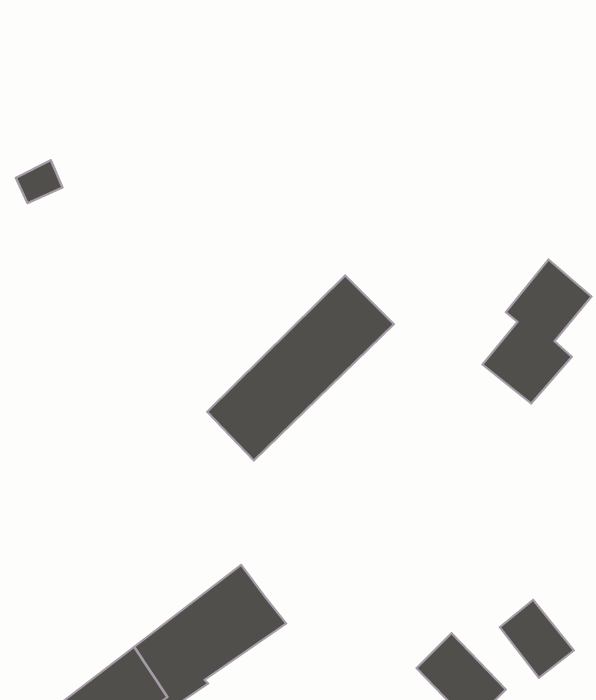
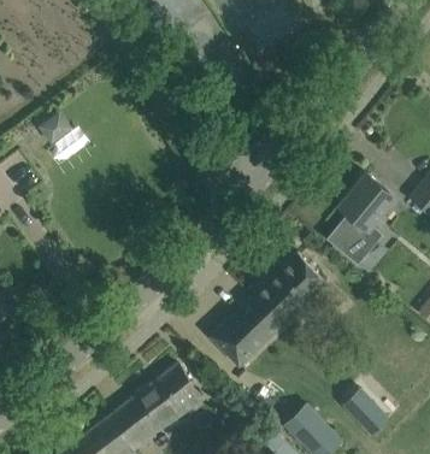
building: [207,276,394,460] -> [210,253,325,367]

